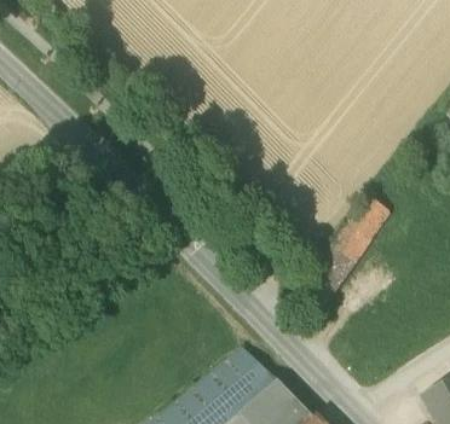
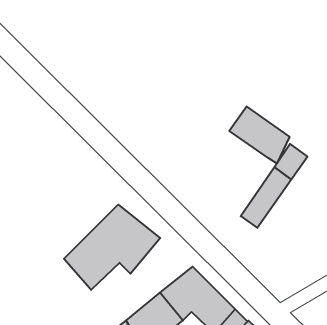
building: none -> [229,106,290,164]
building: none -> [64,205,160,290]

